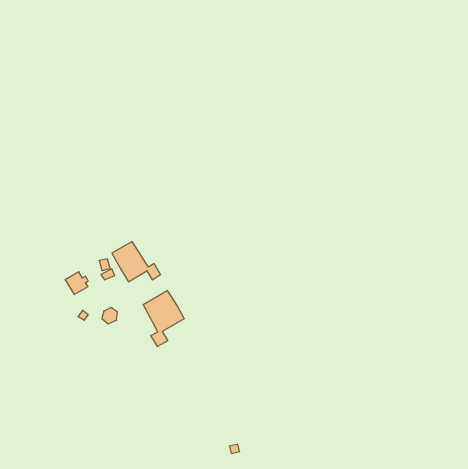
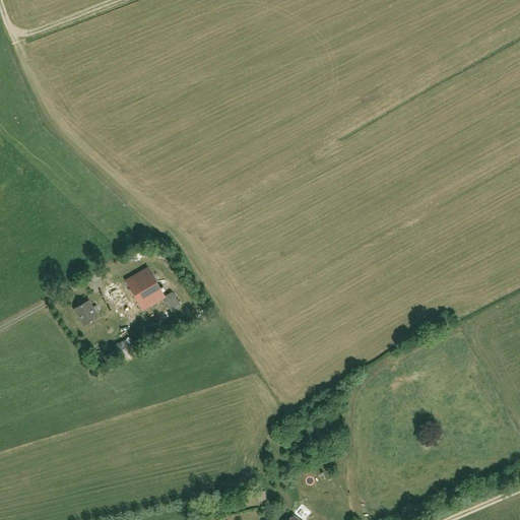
building: [143,290,184,346] -> none

